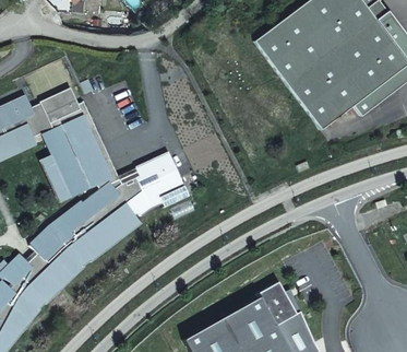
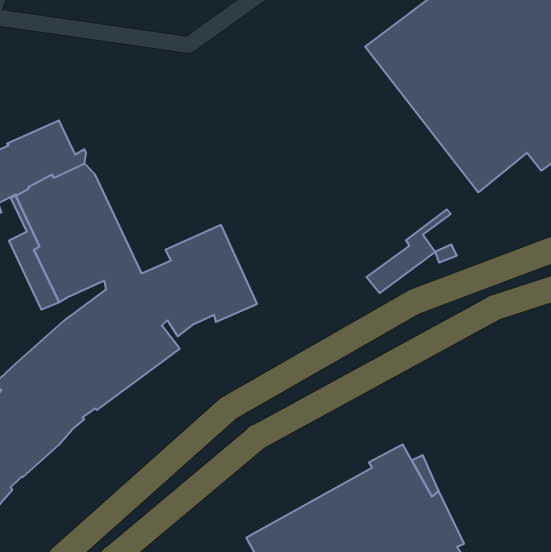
building: none -> [366,209,451,293]

